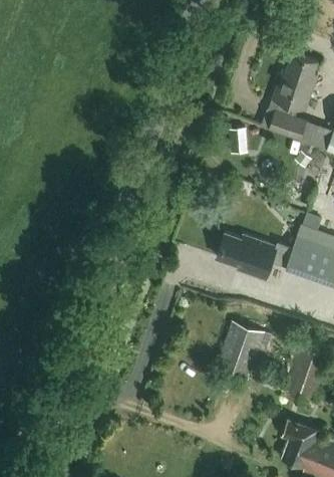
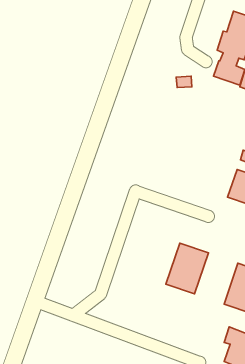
building: [218,233,278,279] -> none

